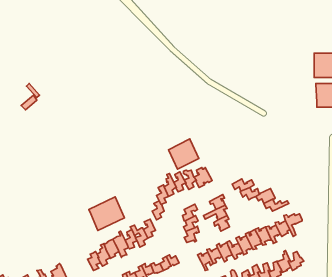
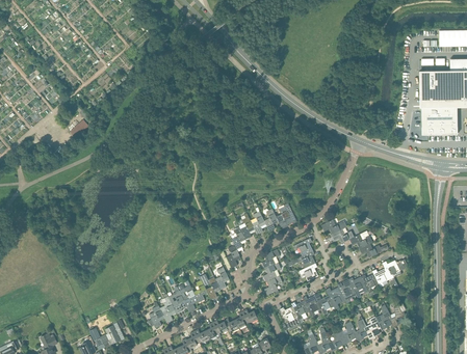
building: [168,139,199,169] -> none
building: [89,197,124,230] -> none

